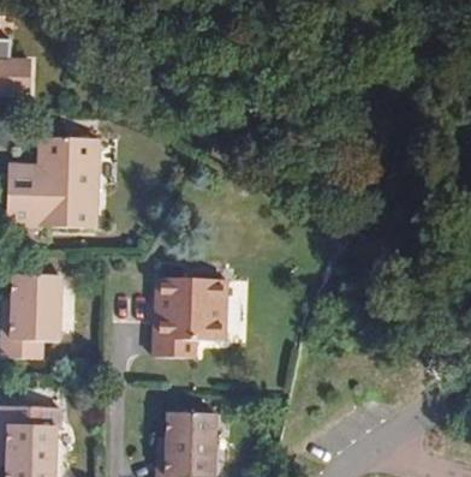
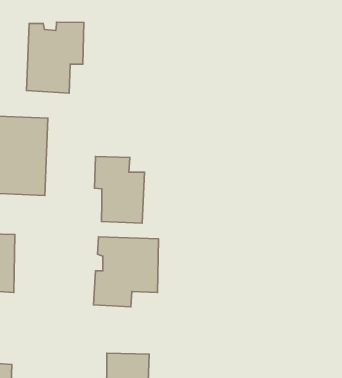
building: none -> [26,22,84,93]
building: none -> [95,156,144,223]

